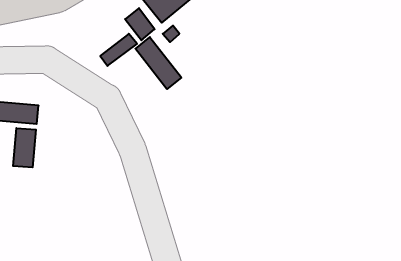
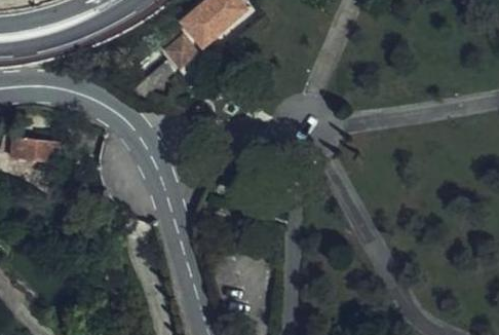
building: [135,37,181,89] -> none
building: [13,128,36,167] -> none

